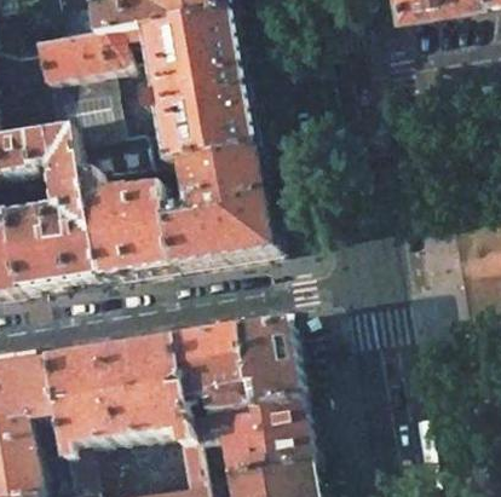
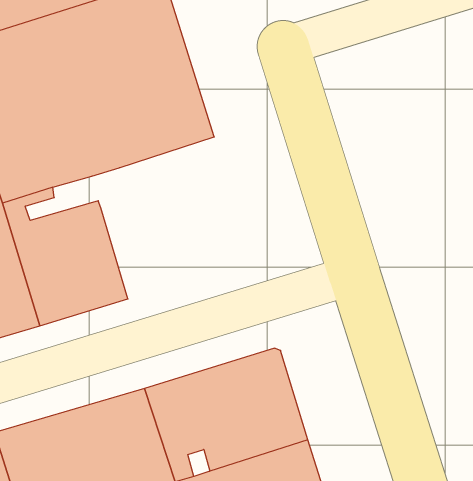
building: [156,143,272,264] -> none

